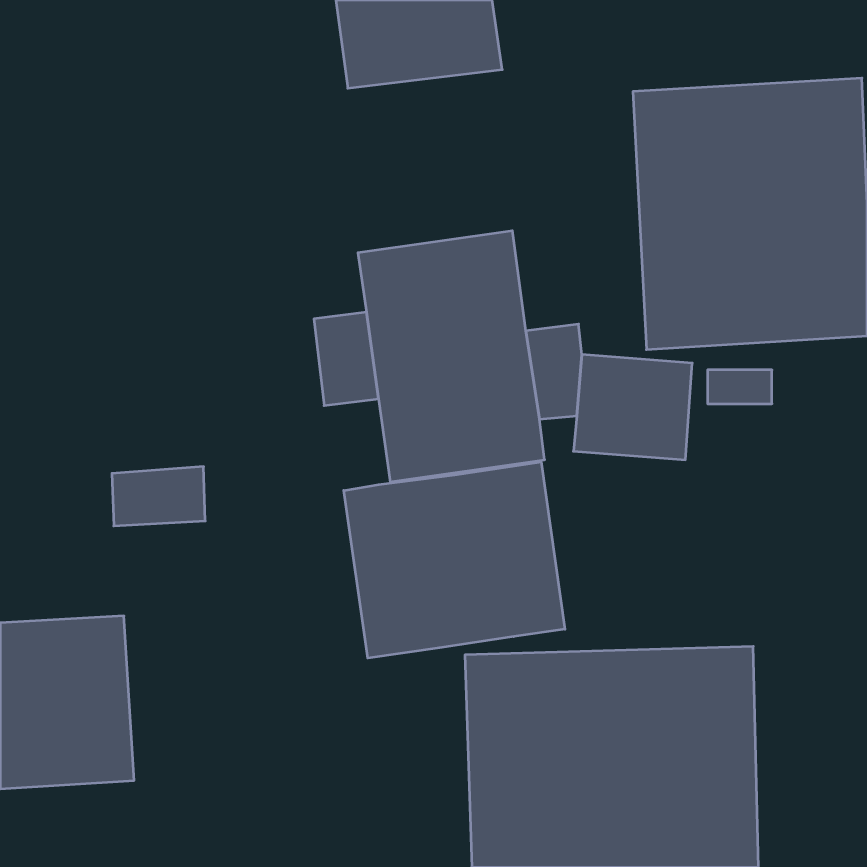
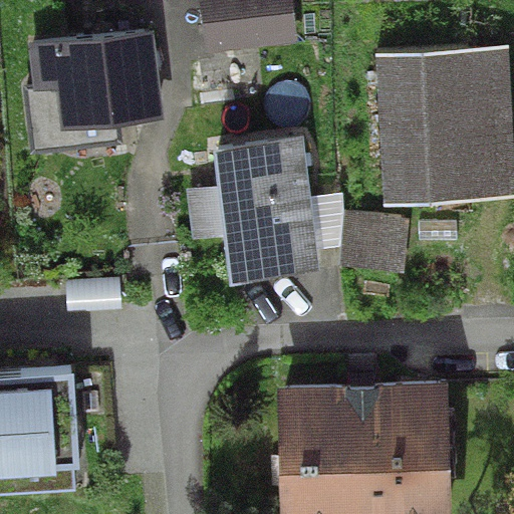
building: none -> [22,28,167,153]
building: [344,462,565,658] -> none

